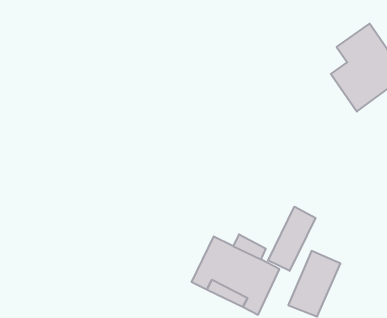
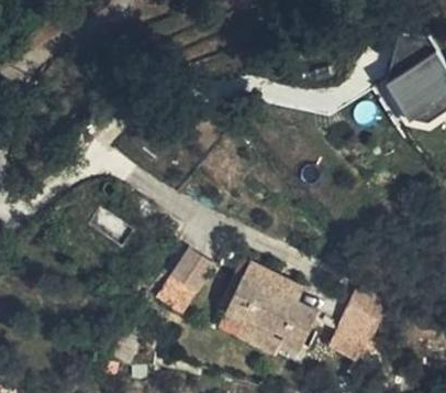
building: [268,207,315,271] -> none
building: none -> [154,248,214,315]

